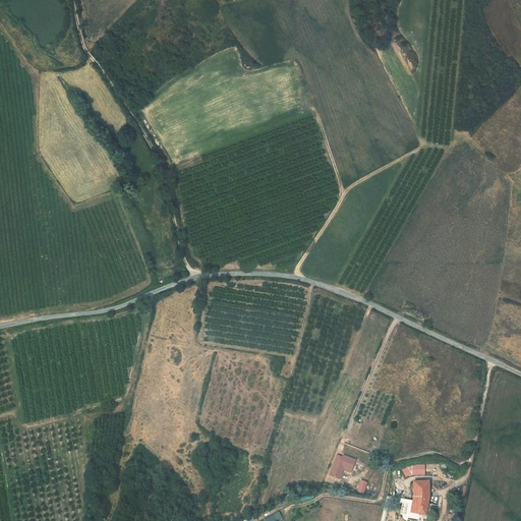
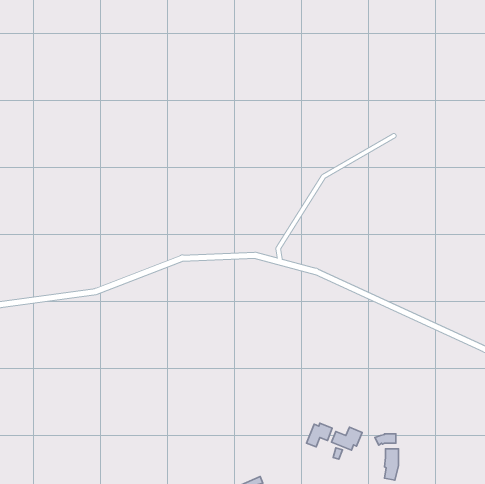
building: none -> [332,427,362,450]

